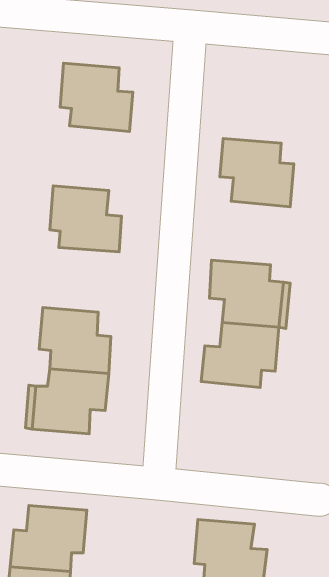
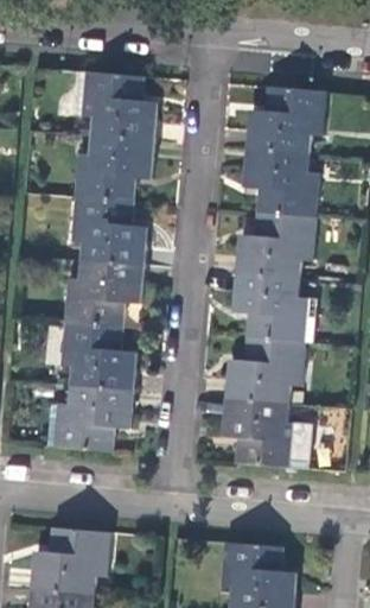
building: none -> [249,87,327,153]
building: none -> [75,135,153,202]
building: none -> [237,213,318,278]
building: none -> [64,260,142,327]
building: none -> [224,398,305,467]

